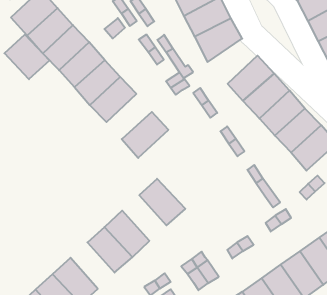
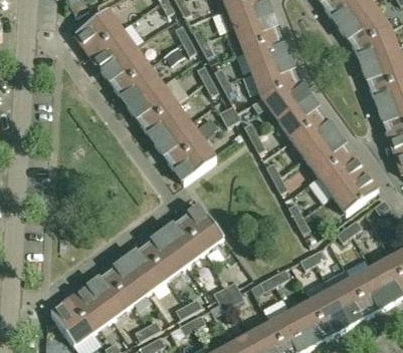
building: [4,34,49,79] -> none
building: none -> [260,77,310,119]
building: none -> [156,119,201,161]
building: none -> [162,218,203,263]
building: none -> [107,258,148,304]

